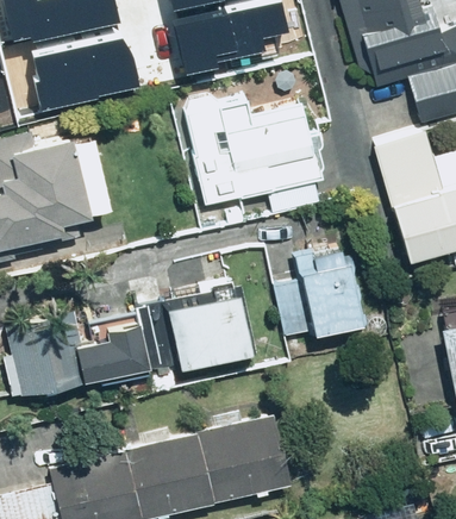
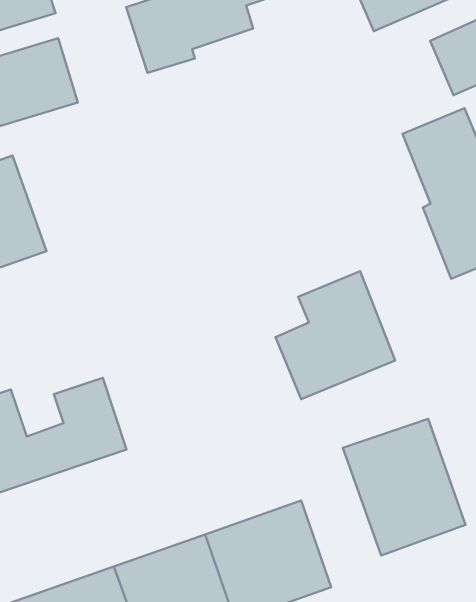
building: [183,89,327,215] -> none
building: [163,289,252,371] -> none
building: none -> [343,419,466,555]

